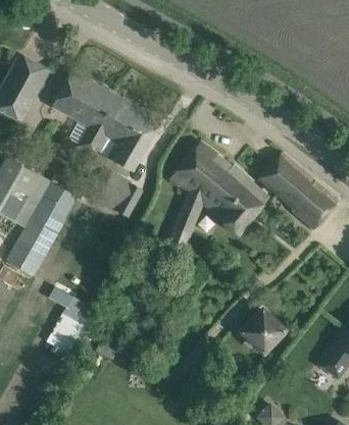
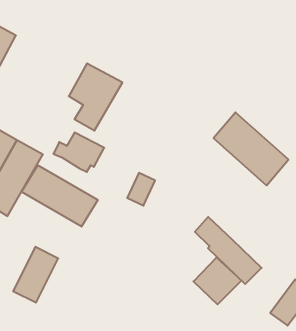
building: [51,71,123,154] -> none
building: [172,145,268,234] -> none
building: none -> [22,165,98,227]
building: none -> [195,217,262,284]

